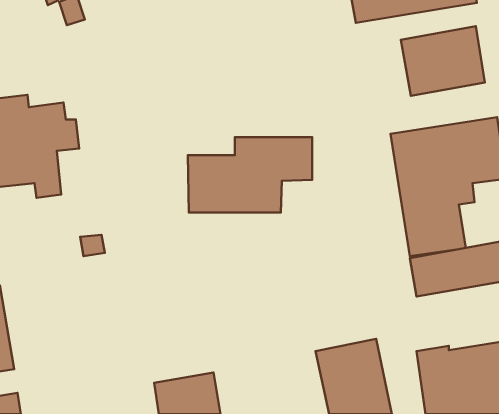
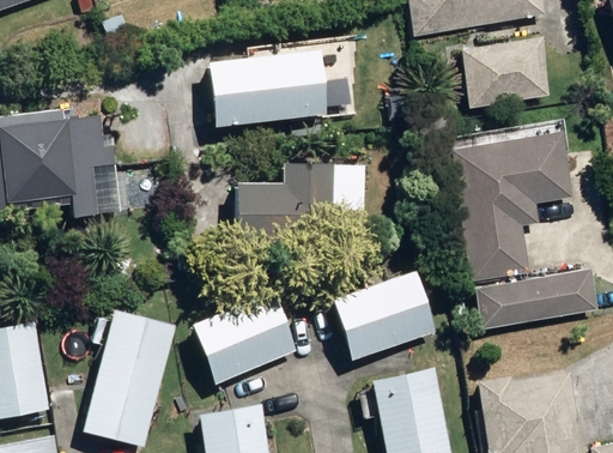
building: none -> [205,47,327,129]
building: none -> [332,273,436,362]
building: none -> [190,291,297,387]
building: none -> [79,302,172,442]

